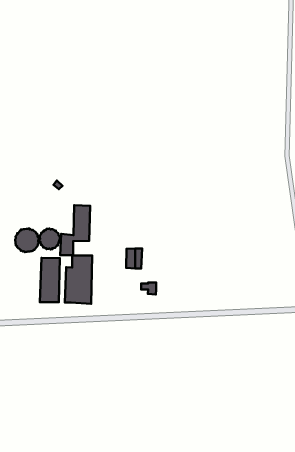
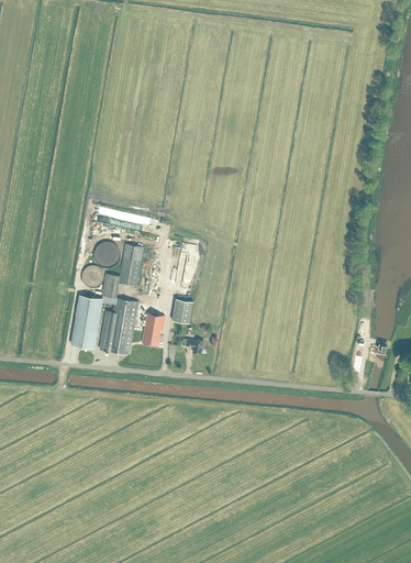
building: [15,228,39,252] -> [93,242,120,267]
building: none -> [141,312,164,346]

